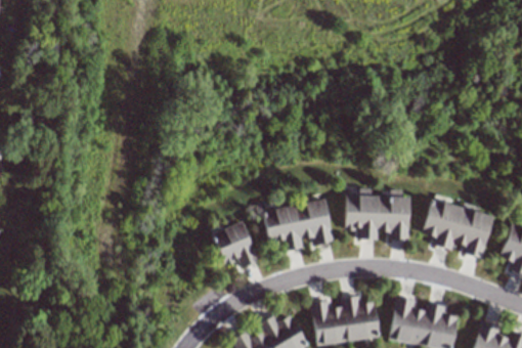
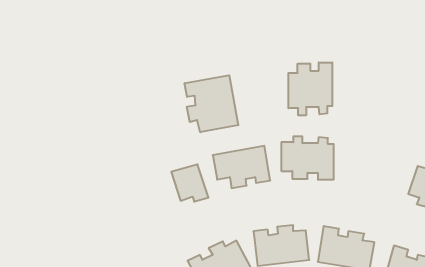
building: none -> [288,62,332,115]
building: none -> [185,75,238,132]
building: [424,201,494,258] -> none

